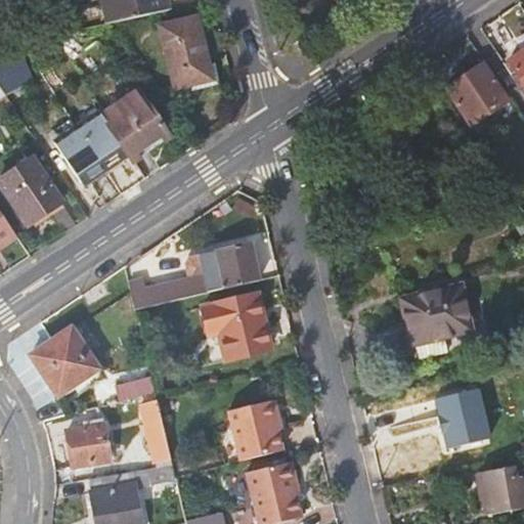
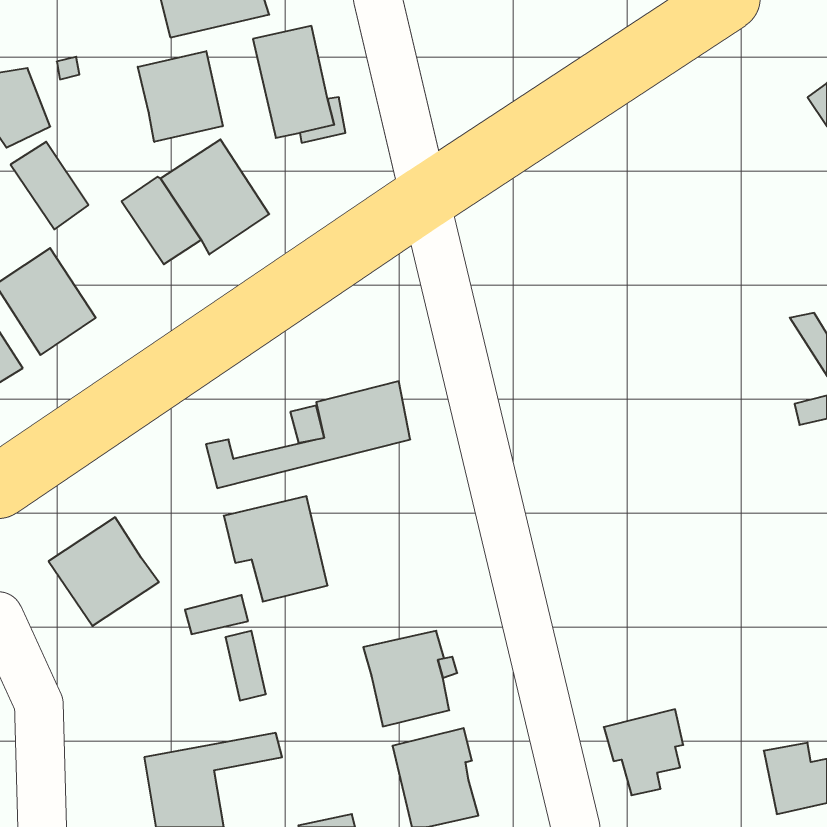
building: none -> [138,51,223,142]
building: [445,66,506,124] -> none
building: [54,127,103,182] -> [11,142,88,229]
building: [401,286,470,358] -> none
building: [204,292,269,358] -> [224,496,328,602]
building: [422,391,472,445] -> [604,709,683,795]
building: [69,421,113,480] -> none

